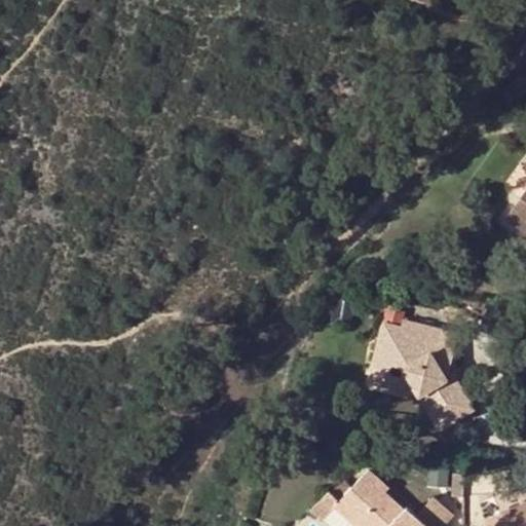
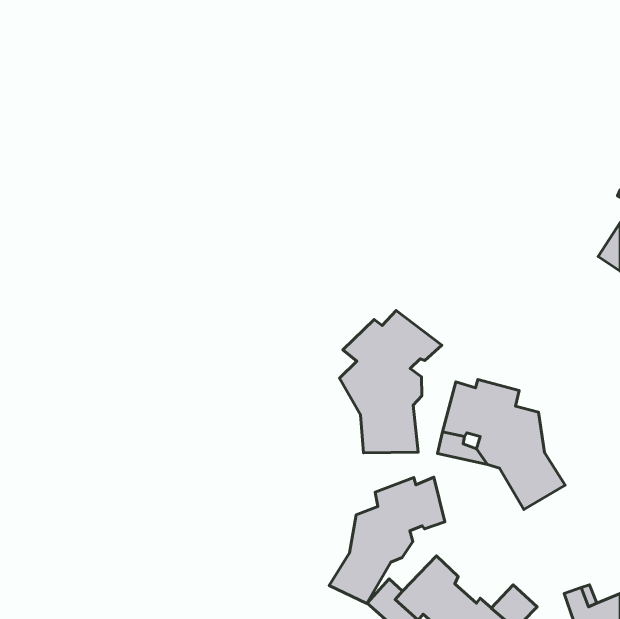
building: none -> [339,310,442,453]
building: none -> [329,477,445,603]

